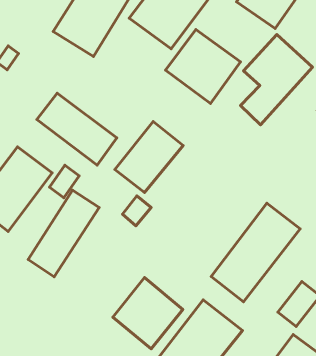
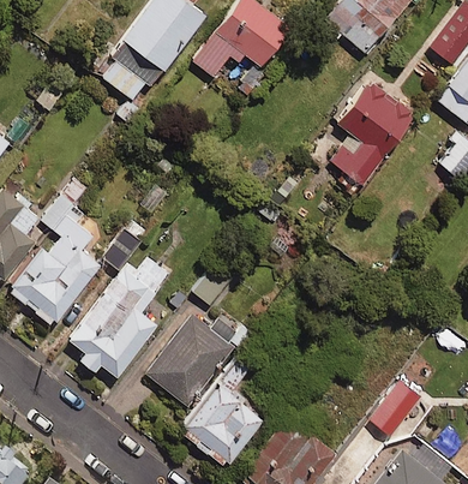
building: [166,30,241,103] -> none
building: [37,93,117,165] -> none
building: [115,121,183,193] -> [145,310,230,399]
building: [211,203,300,302] -> none

